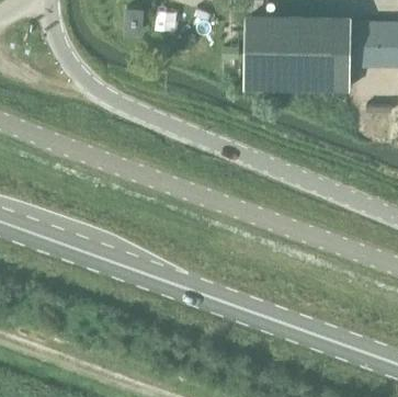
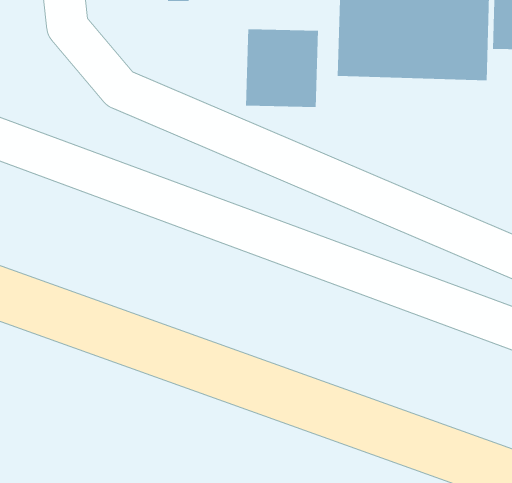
building: none -> [245,29,318,108]

